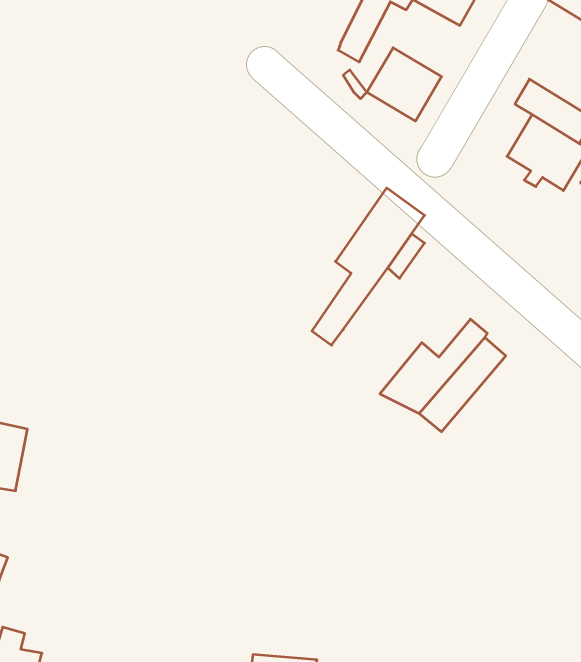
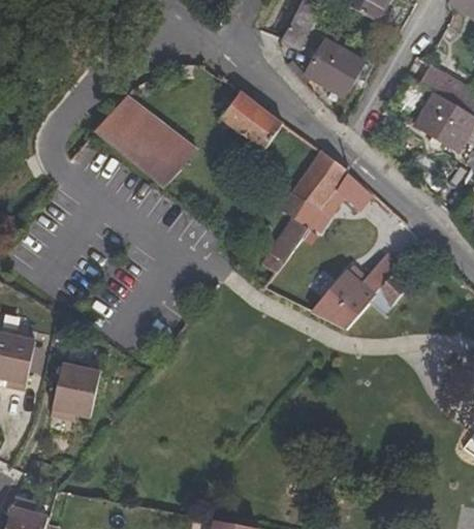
building: none -> [219,89,286,151]
building: none -> [95,95,194,188]
building: none -> [55,360,103,415]

